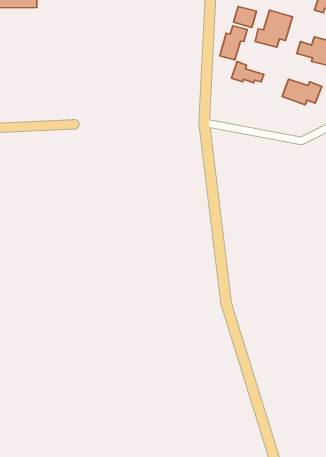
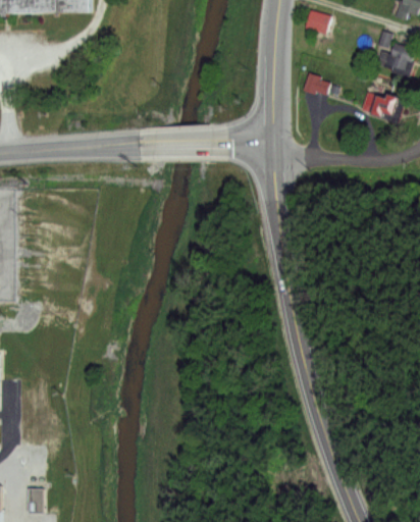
building: [255,10,292,47] -> none
building: [220,26,247,60] -> none

